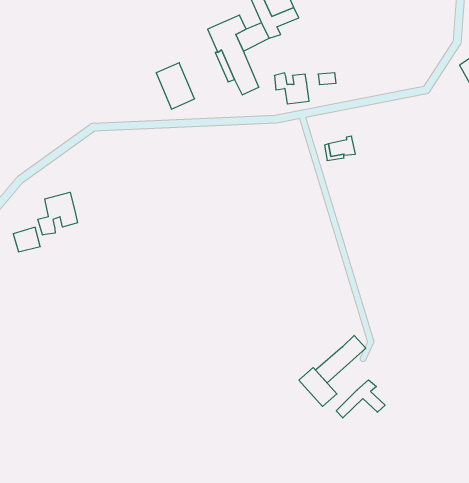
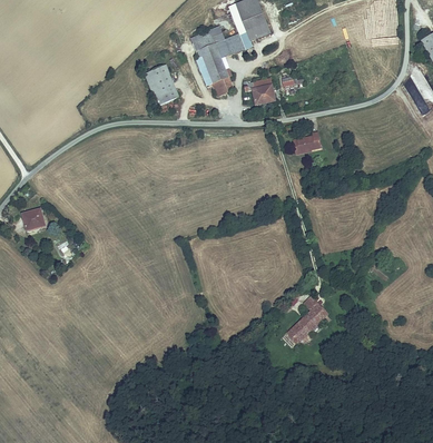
building: [38,192,78,235] -> none
building: [299,368,337,406] -> none
building: [336,380,385,418] -> none

